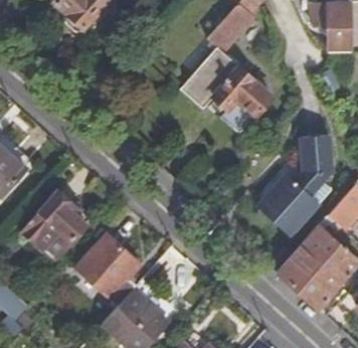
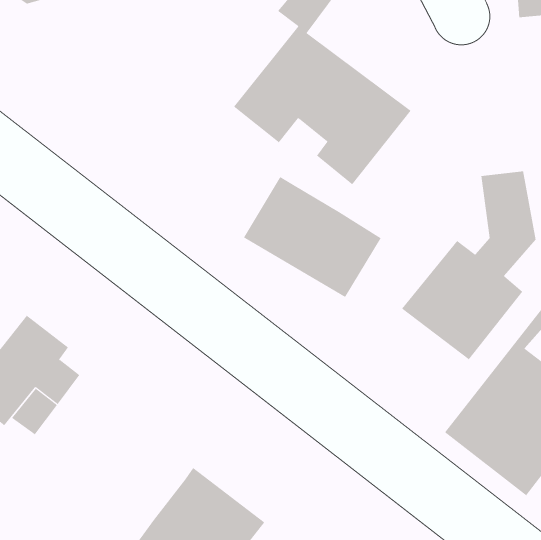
building: none -> [243,176,381,298]
building: [75,234,141,306] -> none

